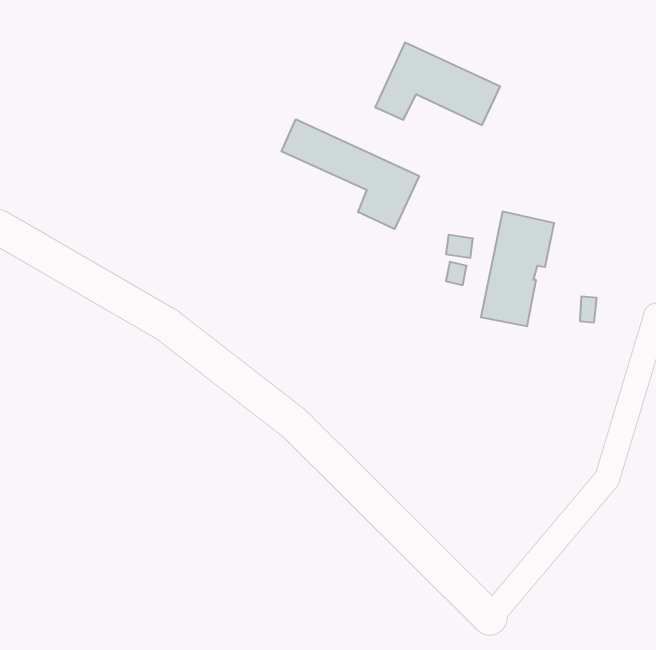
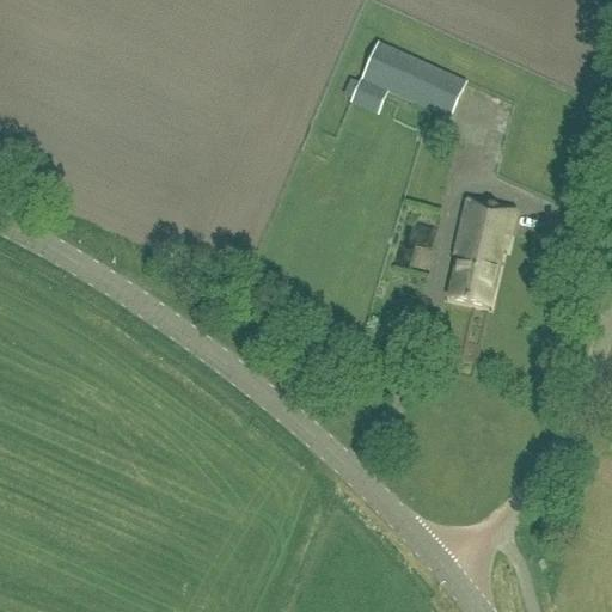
building: [281,119,419,229] -> none

